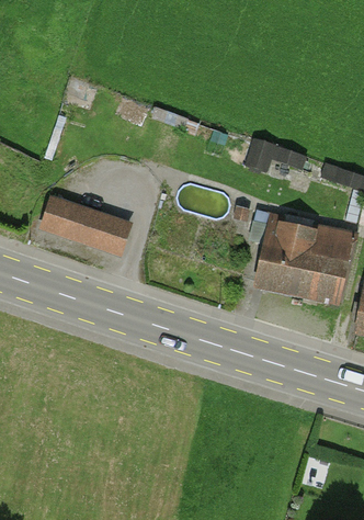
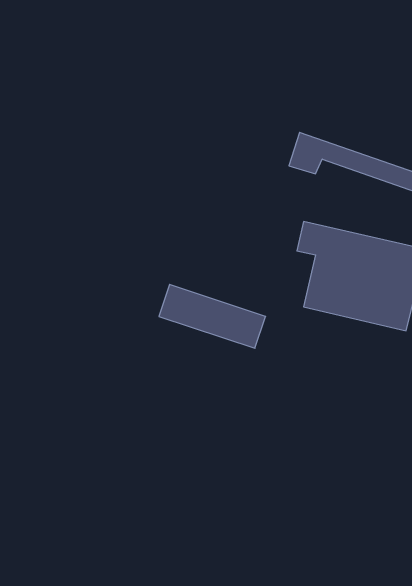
building: [41,199,128,251] -> [159,284,266,348]

